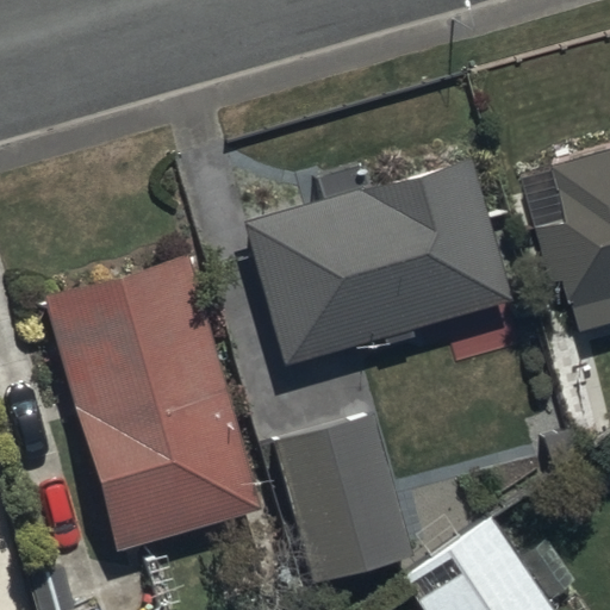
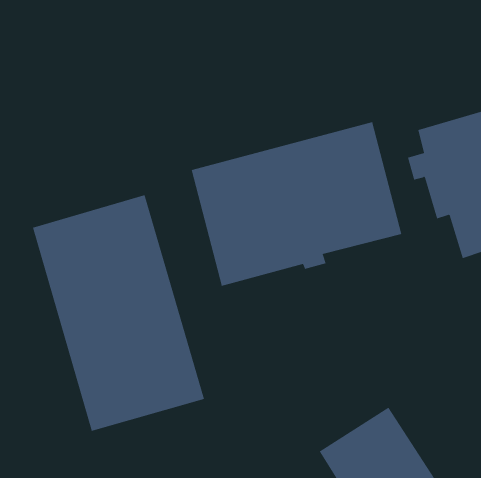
building: [274,416,409,580] -> none

